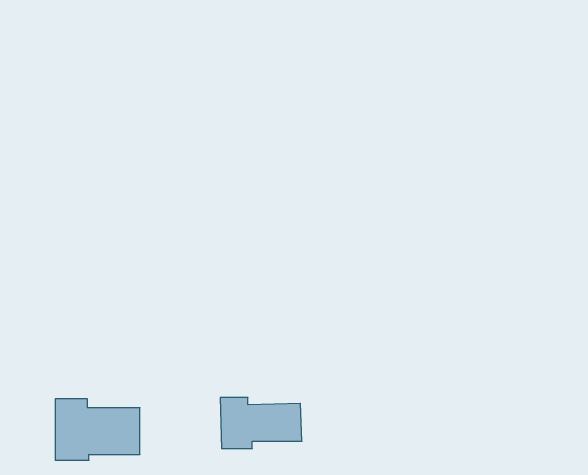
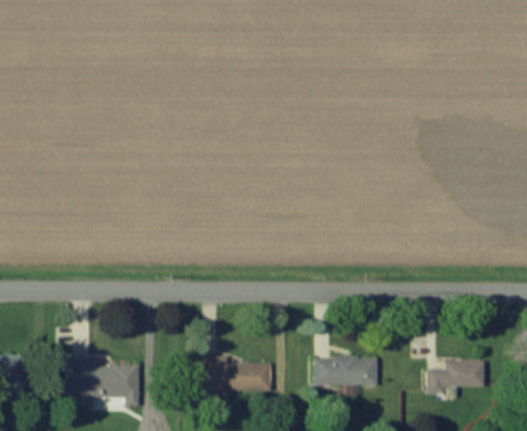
building: none -> [315,356,378,386]
building: none -> [427,359,485,392]

